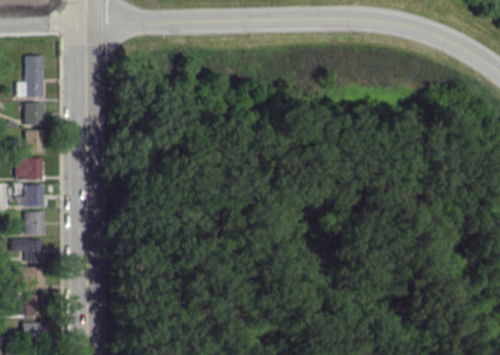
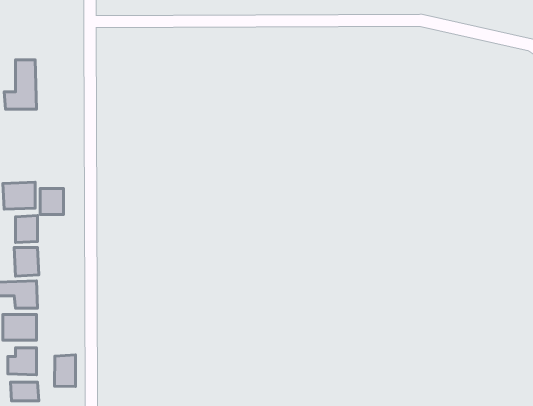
building: [25,102,45,125] -> none
building: [25,130,44,151] -> [40,189,63,215]
building: none -> [55,355,75,386]

